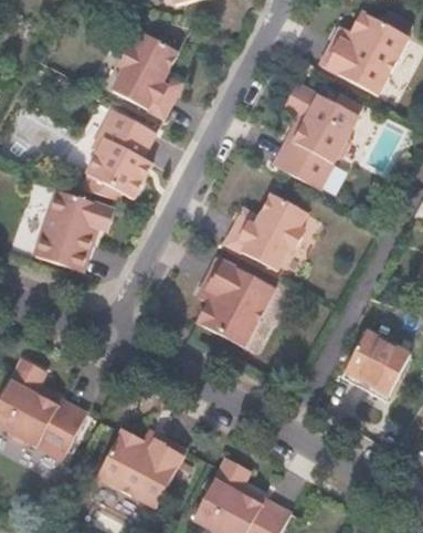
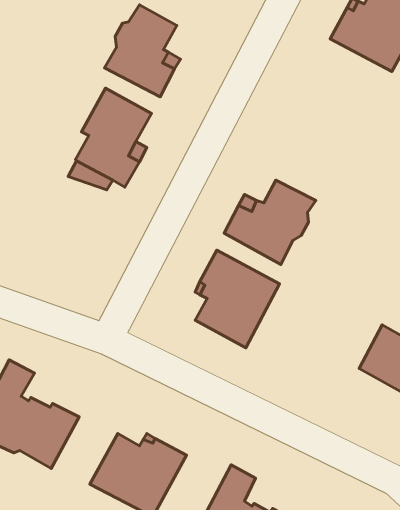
building: [272,84,358,190] -> none
building: [32,192,112,274] -> none

